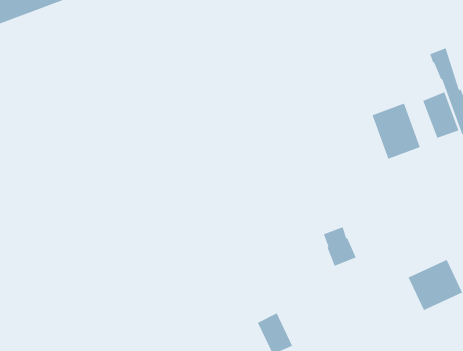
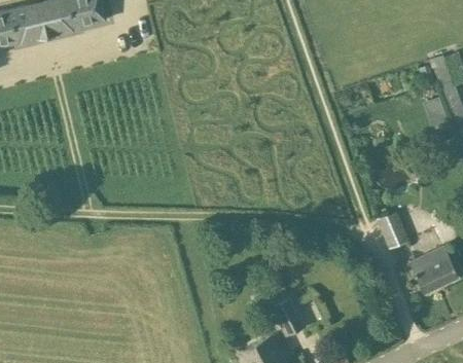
building: [371,103,421,160] -> none
building: [323,226,357,267] -> [378,215,408,252]

